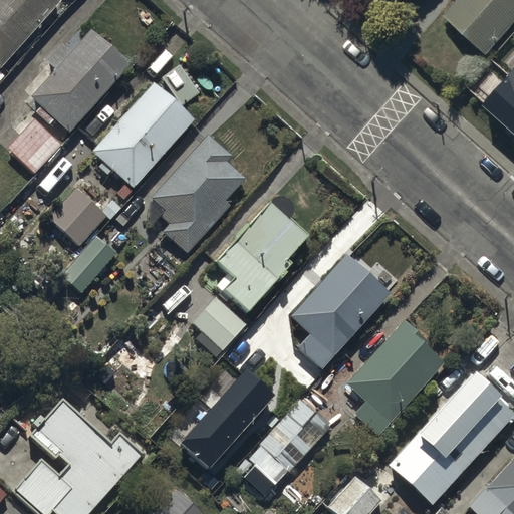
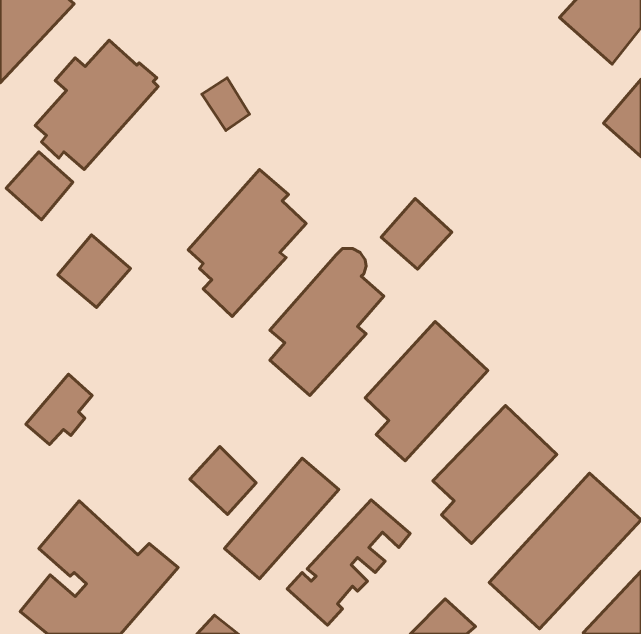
building: [92,83,194,189] -> none
building: none -> [381,199,452,269]
building: [59,237,112,293] -> [26,374,92,444]
building: [191,296,244,350] -> [190,447,256,514]

